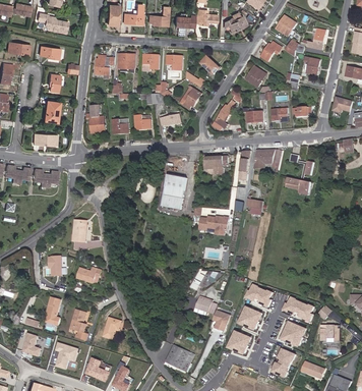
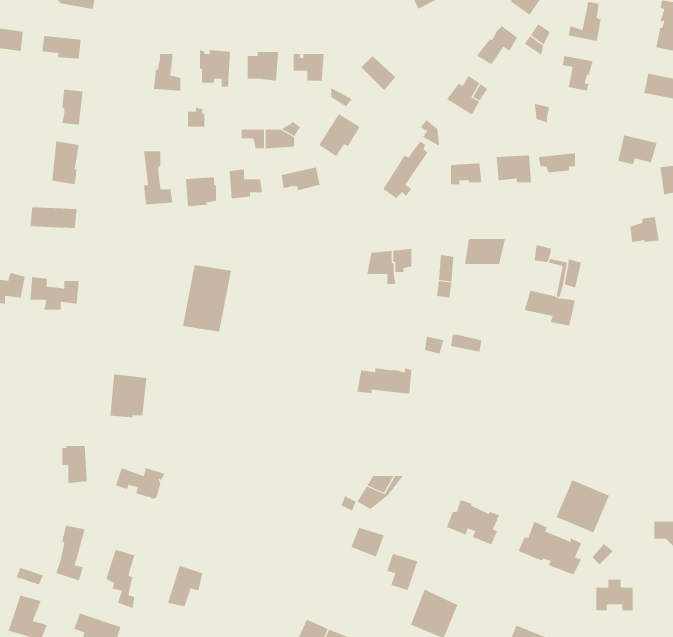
building: [162,174,187,209] -> [182,264,232,332]
building: [237,304,262,330] -> none
building: [280,320,307,347] -> [556,479,610,533]

